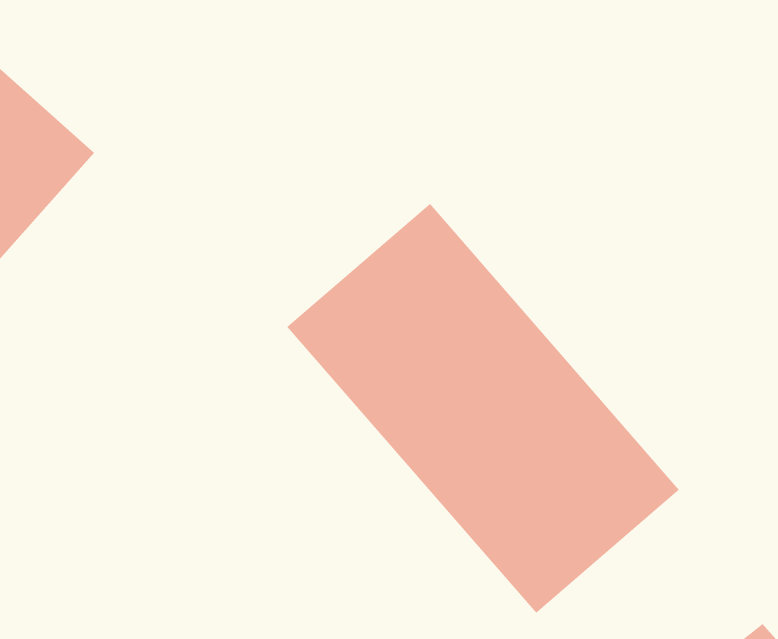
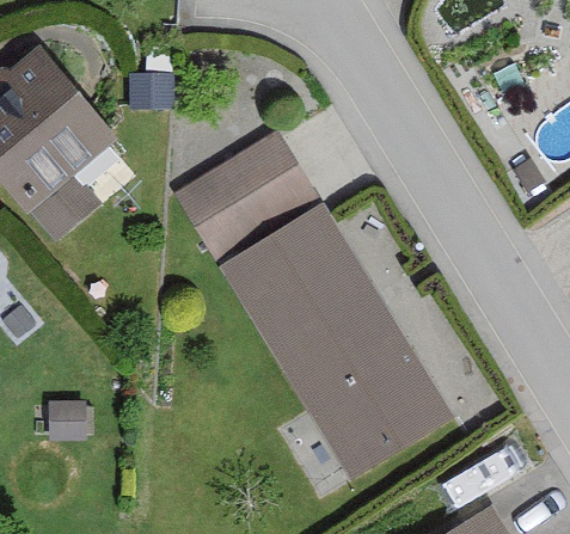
building: none -> [178,131,315,254]

